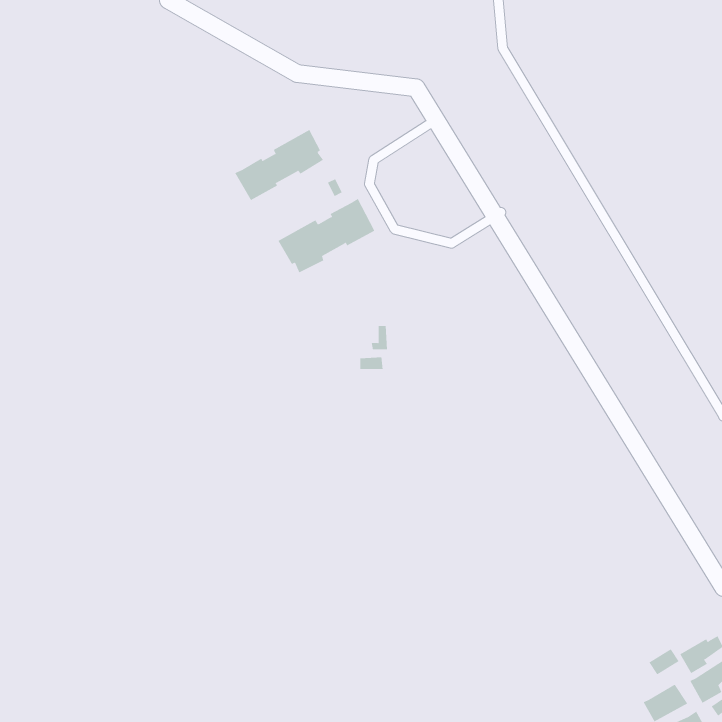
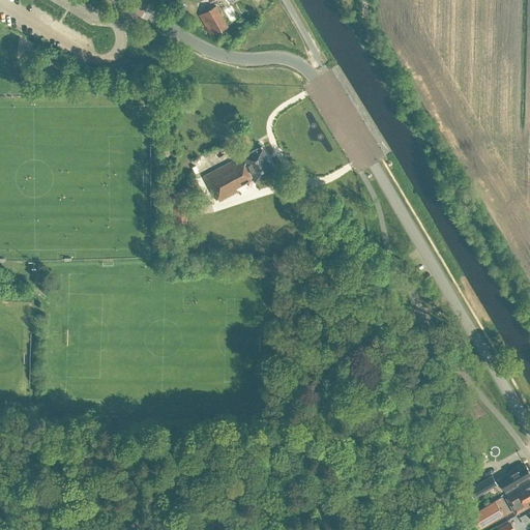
building: none -> [201,7,228,36]
building: [234,129,324,201] -> none

